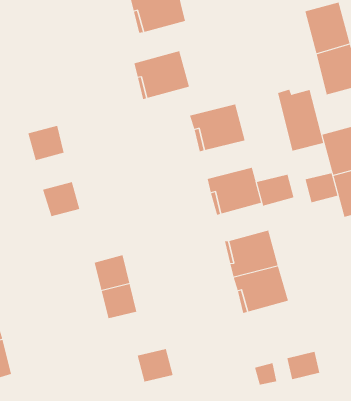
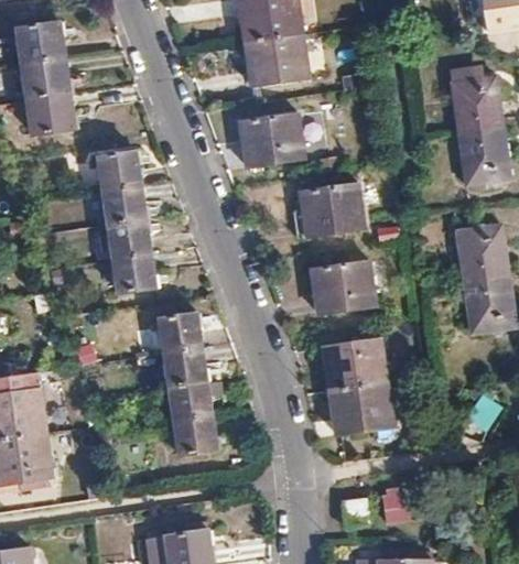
building: [277,89,324,152] -> none
building: none -> [98,150,141,189]
building: none -> [109,218,151,259]
building: [305,172,338,203] -> none
building: [256,174,294,206] -> none
building: none -> [161,313,202,354]
building: [137,348,173,382] -> [174,419,215,456]

